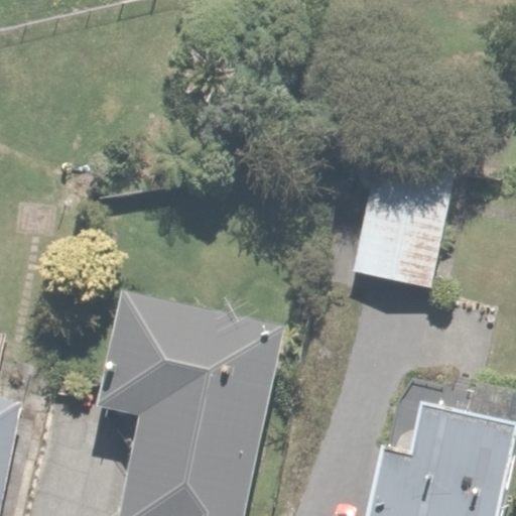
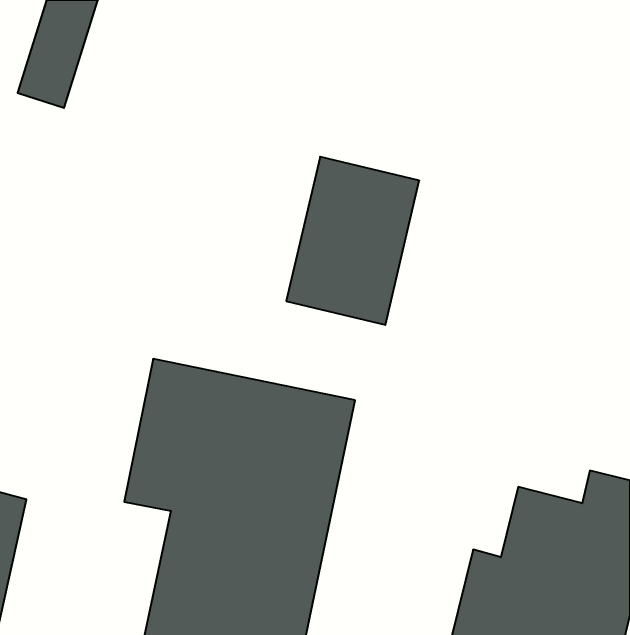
building: [348,155,455,290] -> [286,157,419,325]

